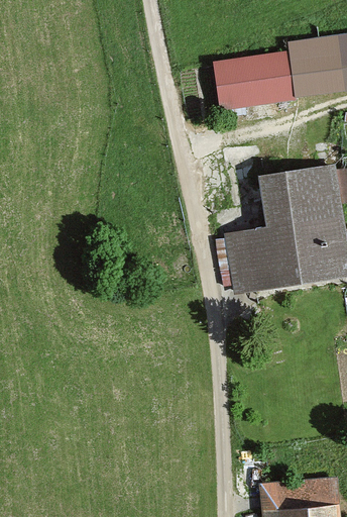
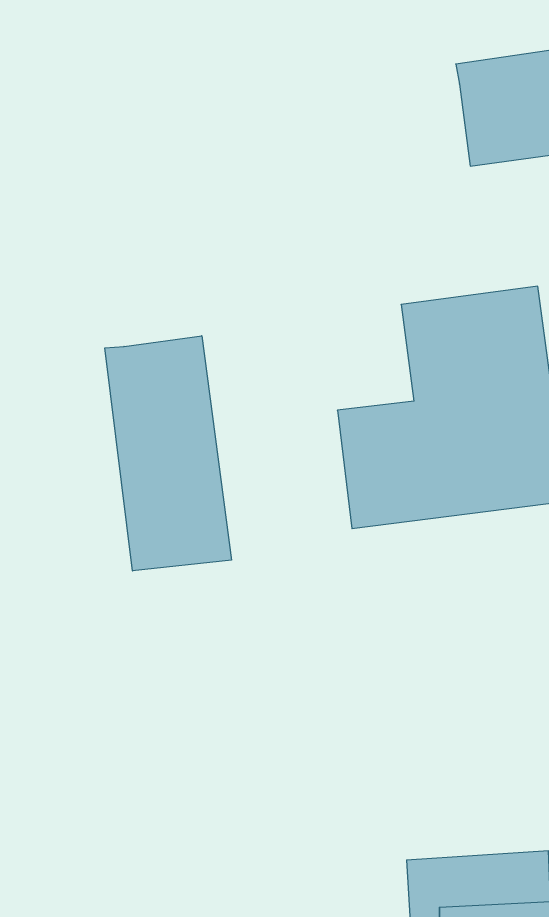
building: [212,53,296,109] -> none
building: none -> [105,336,231,571]

